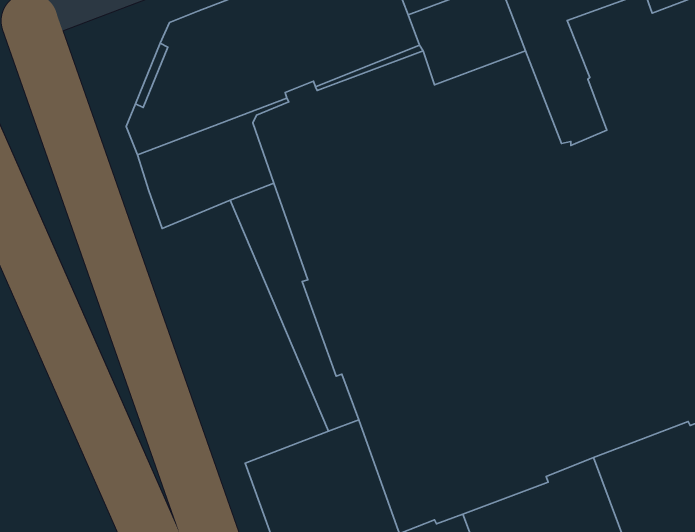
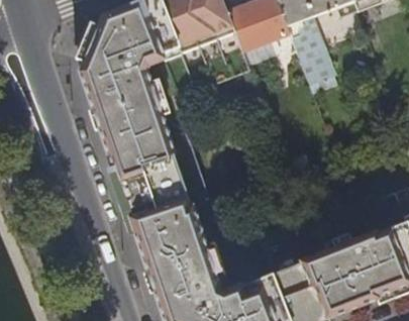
building: none -> [97,111,186,251]

